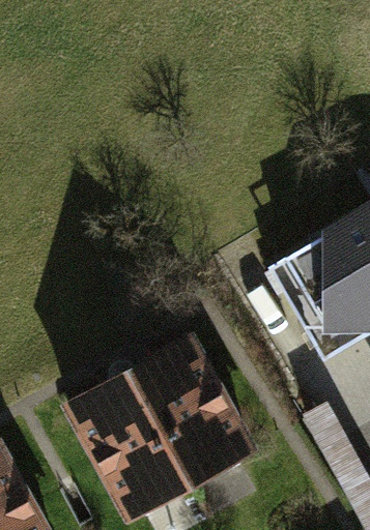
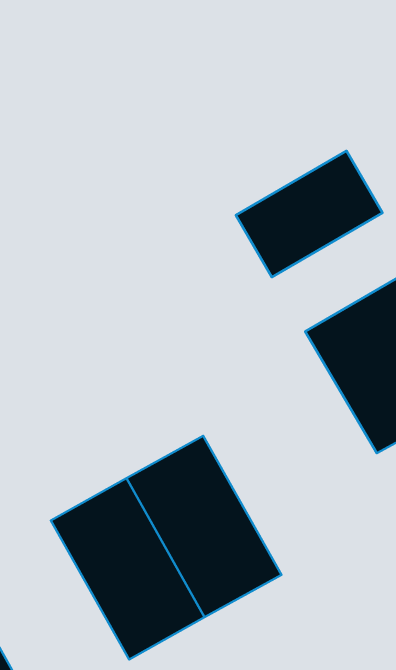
building: none -> [236,151,383,277]

